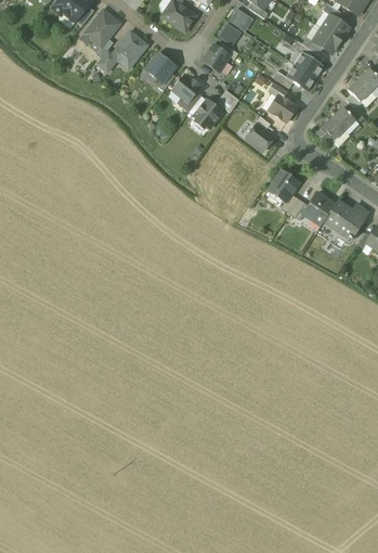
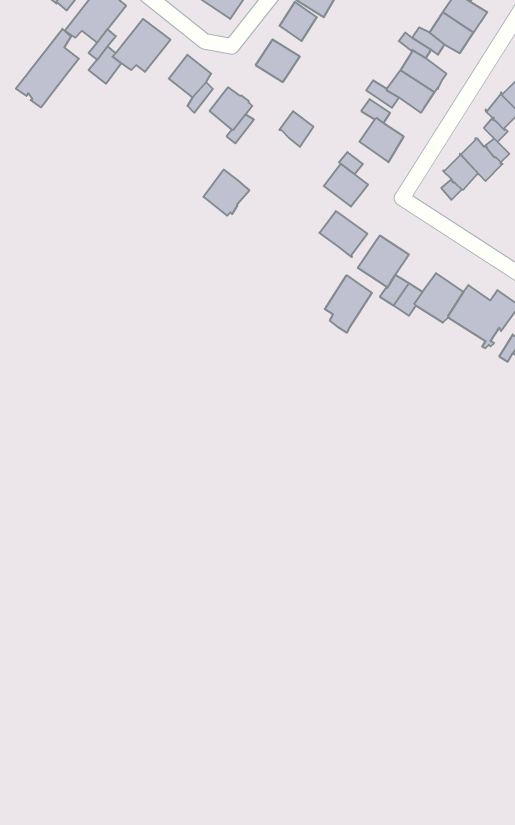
building: none -> [16,29,79,107]
building: [193,99,222,128] -> [203,170,249,216]
building: none -> [319,211,367,257]
building: none -> [325,275,372,333]

